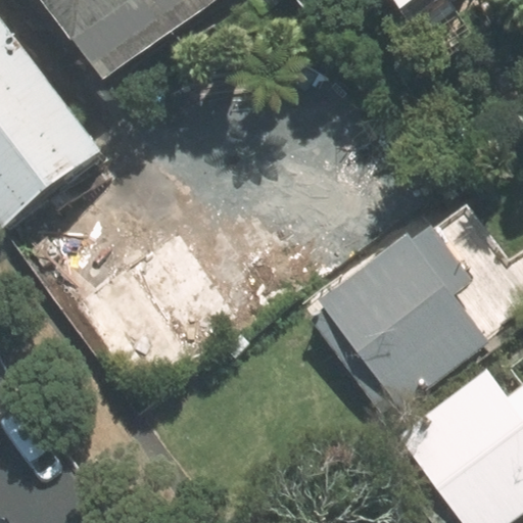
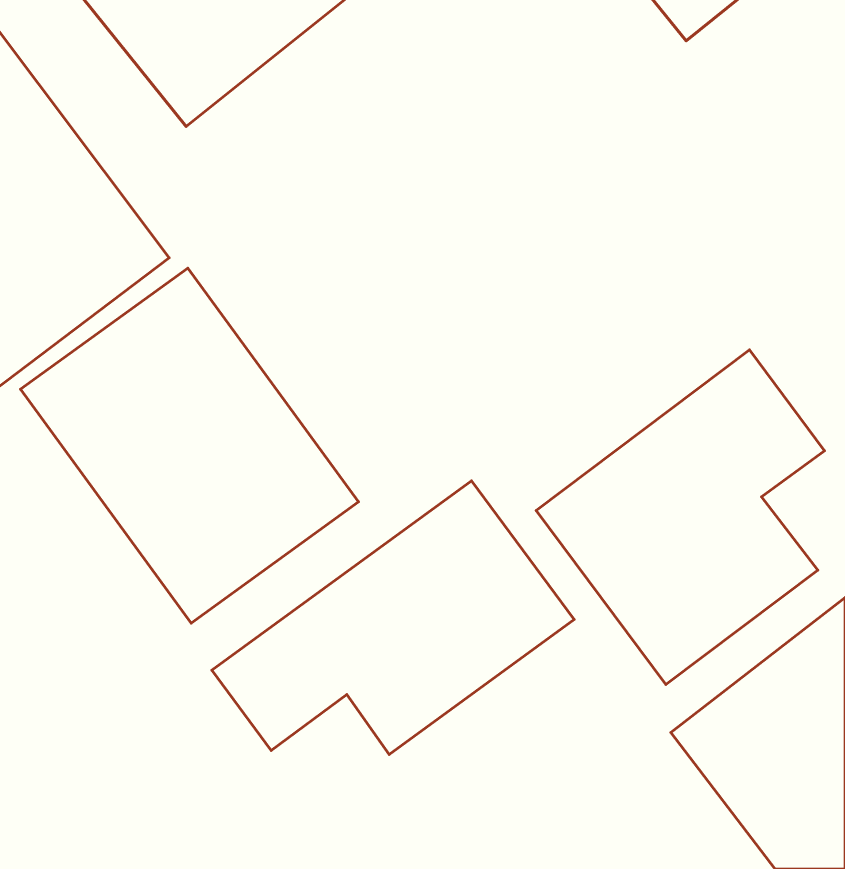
building: none -> [212,481,574,754]

